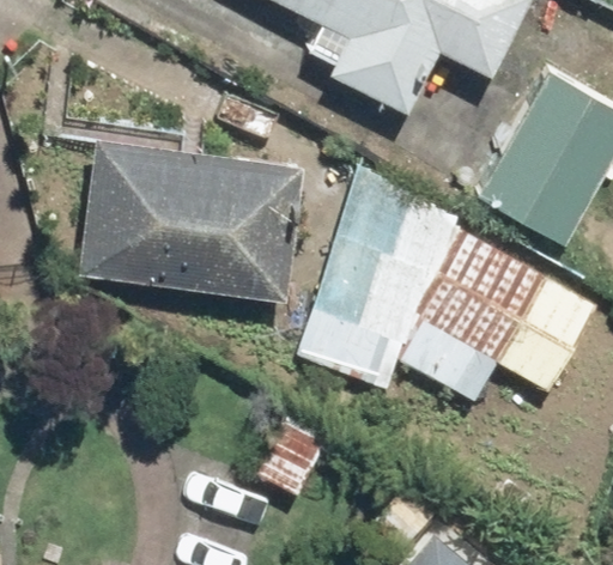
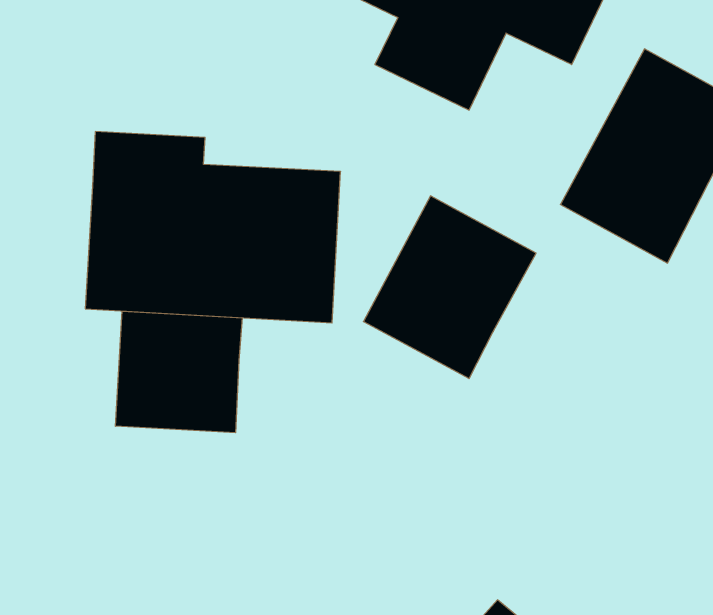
building: [393,233,596,402] -> none
building: none -> [115,311,242,433]

